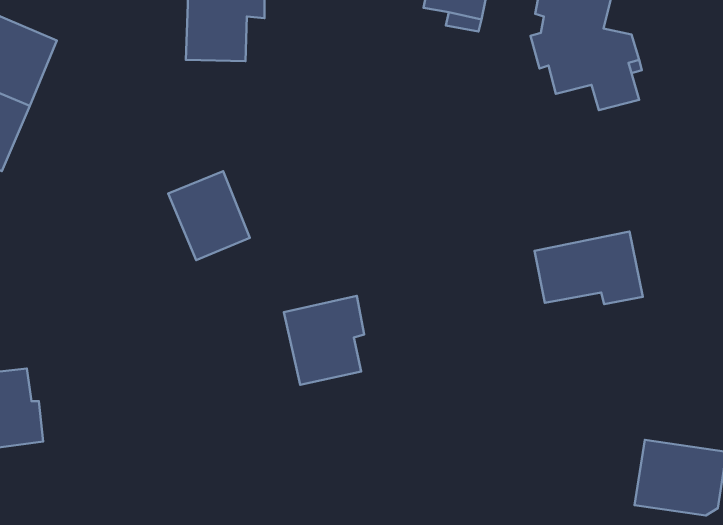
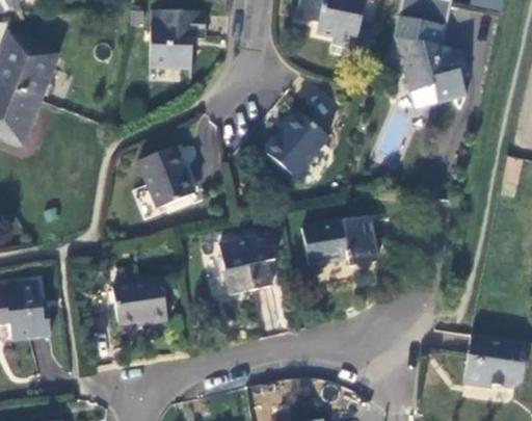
building: none -> [260,110,328,178]
building: [534,232,643,304] -> [301,216,377,267]
building: none -> [112,279,167,325]

